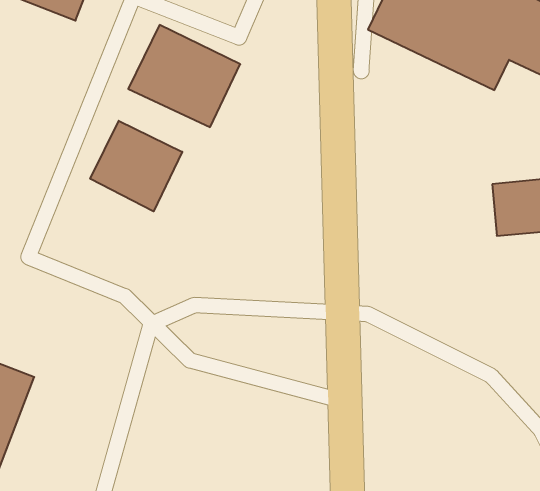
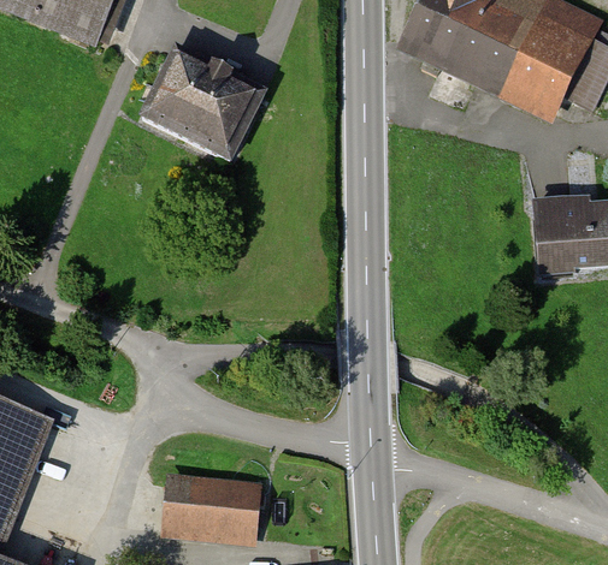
building: [90,121,182,211] -> none
building: none -> [167,478,262,531]

